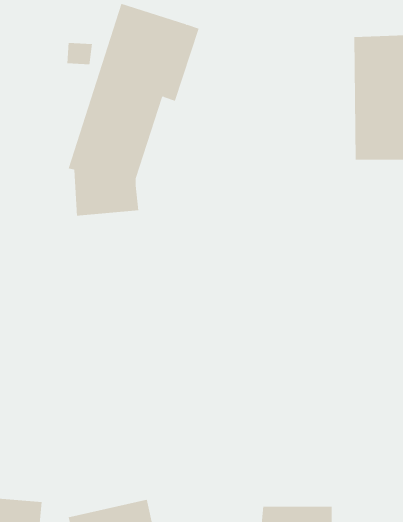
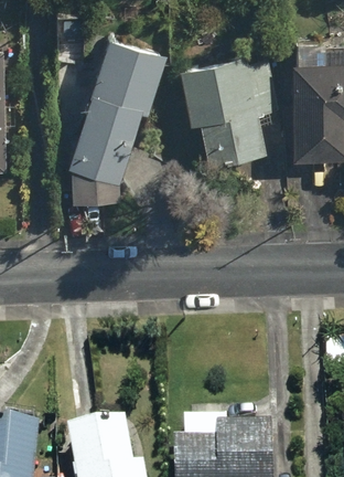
building: none -> [175,47,282,161]

